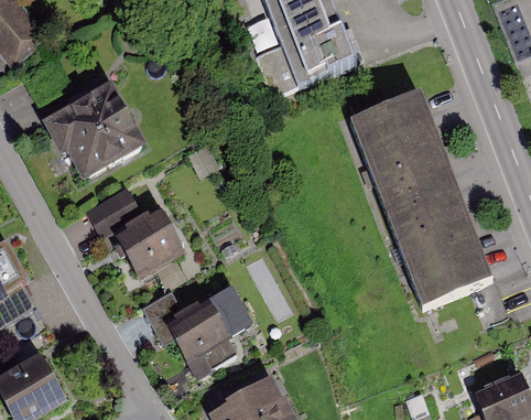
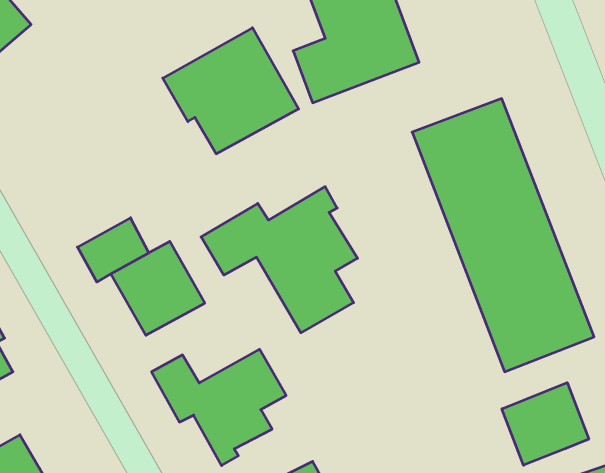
building: [40,79,147,179] -> [163,28,299,154]
building: none -> [201,187,358,333]
building: none -> [502,383,589,465]

